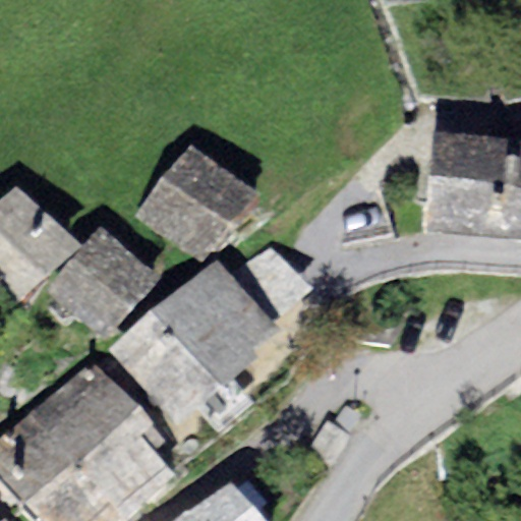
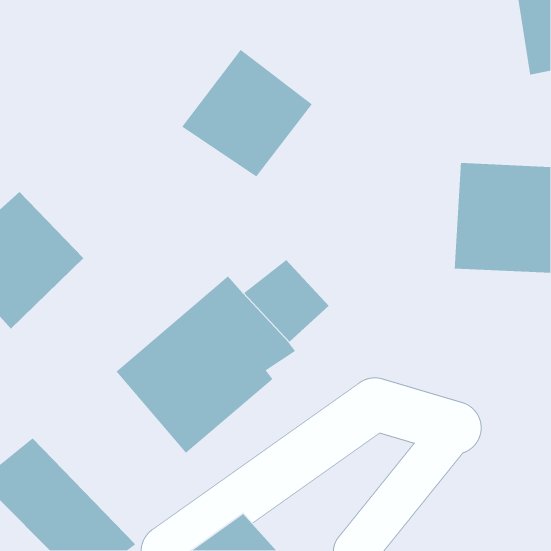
building: [133,141,257,263] -> [181,49,313,178]
building: [45,226,161,339] -> none
building: [31,371,175,513] -> none

